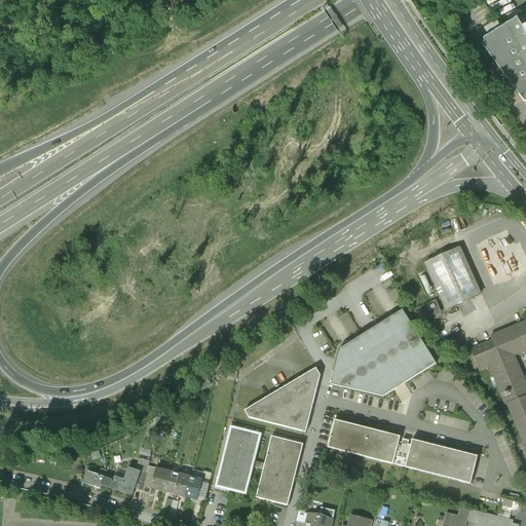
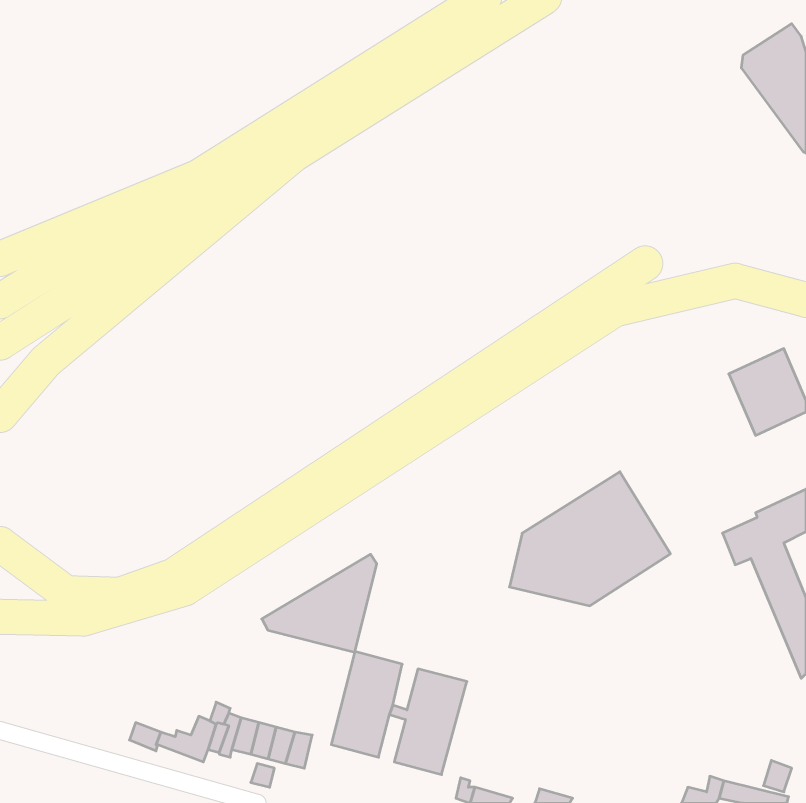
building: [423,246,481,308] -> none
building: [246,368,321,431] -> [262,554,377,652]
building: [329,419,479,483] -> none

